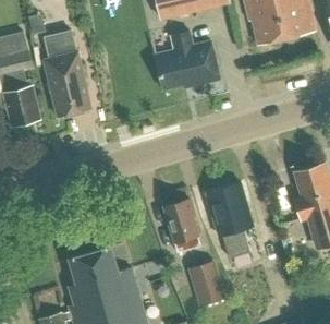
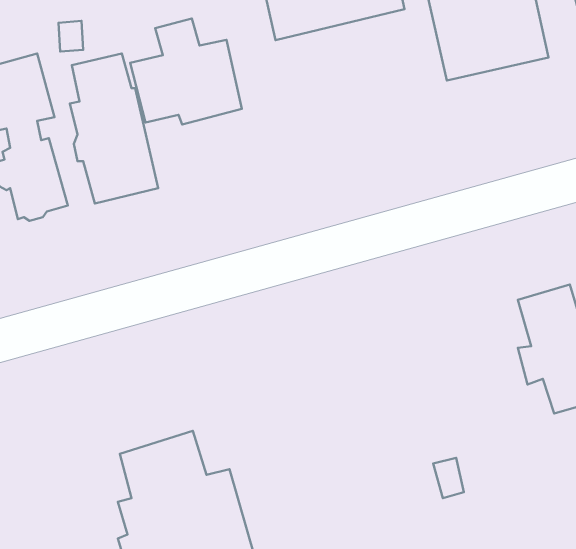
building: [156,29,219,89] -> [130,19,242,124]
building: [208,184,253,261] -> none
building: [166,199,201,250] -> none
building: [192,260,224,305] -> none

